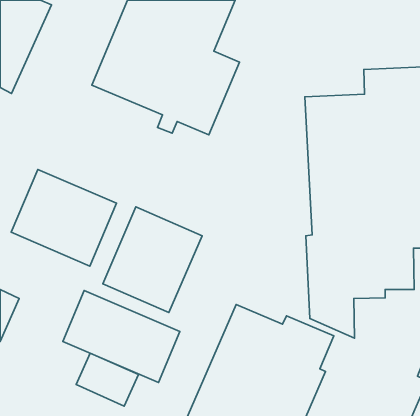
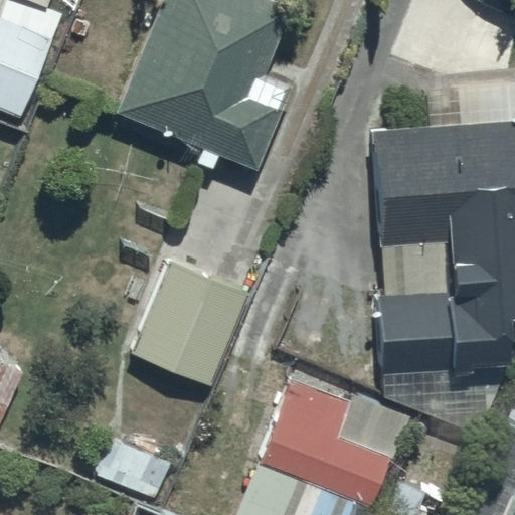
building: [11,169,116,266] -> none
building: [63,291,180,382] -> none

